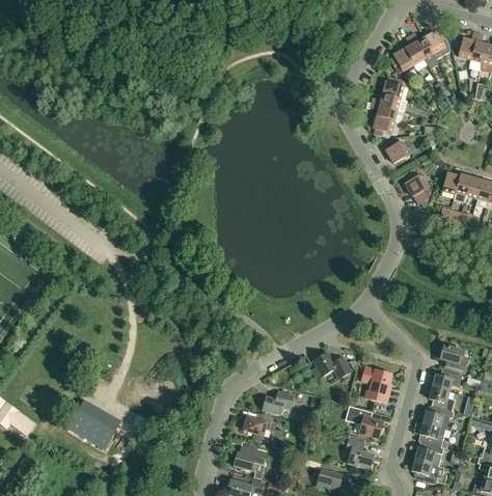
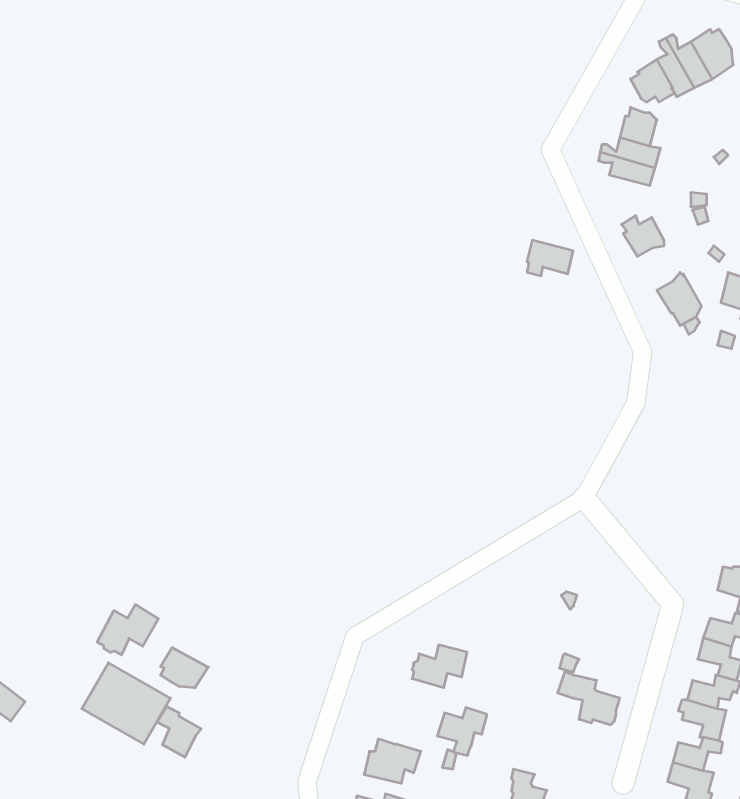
building: [374,114,401,135] -> [527,240,573,276]
building: [312,351,351,377] -> none
building: none -> [97,605,158,655]
building: [363,367,391,402] -> none
building: none -> [161,648,208,688]
building: [243,412,272,440] -> [437,708,487,755]
building: none -> [157,706,201,757]
building: [346,437,374,468] -> none

